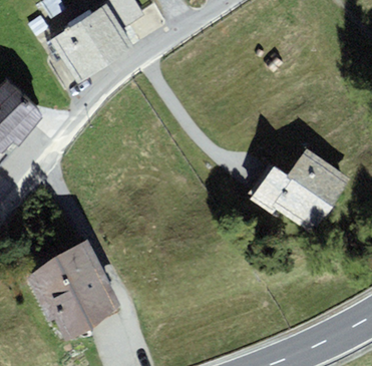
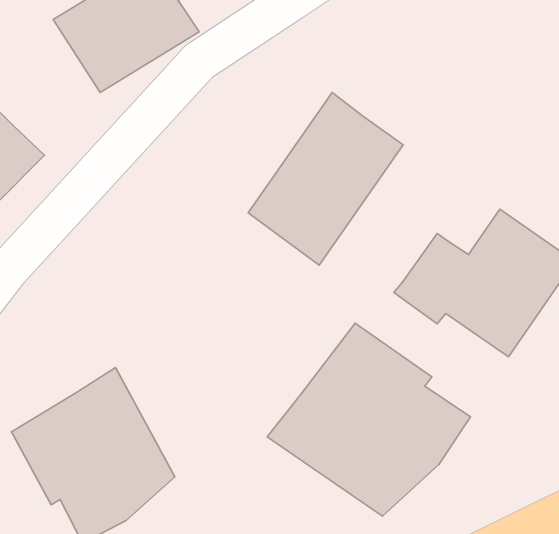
building: none -> [248,92,403,265]
building: none -> [267,323,471,516]

